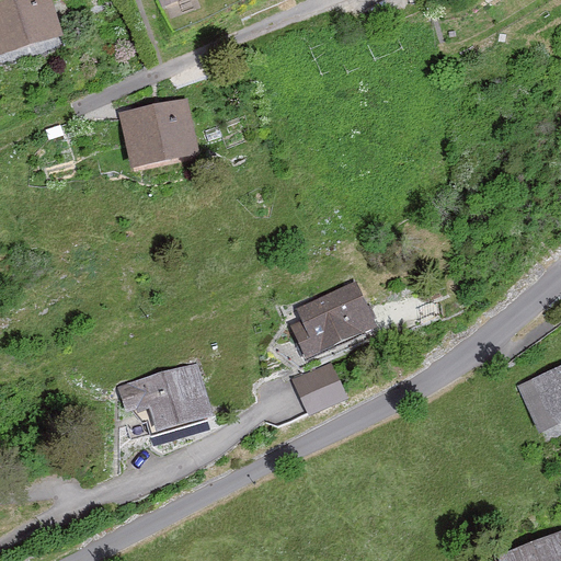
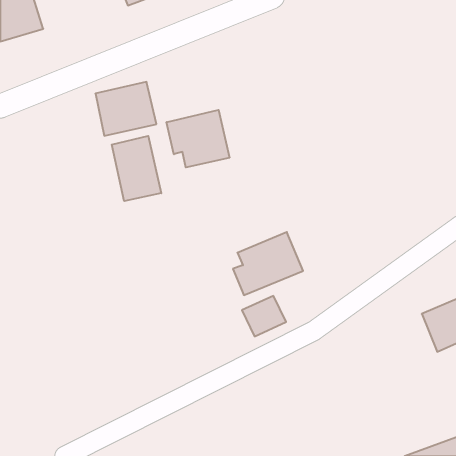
building: none -> [167,110,229,167]
building: none -> [112,136,161,201]
building: [114,360,213,434] -> none

